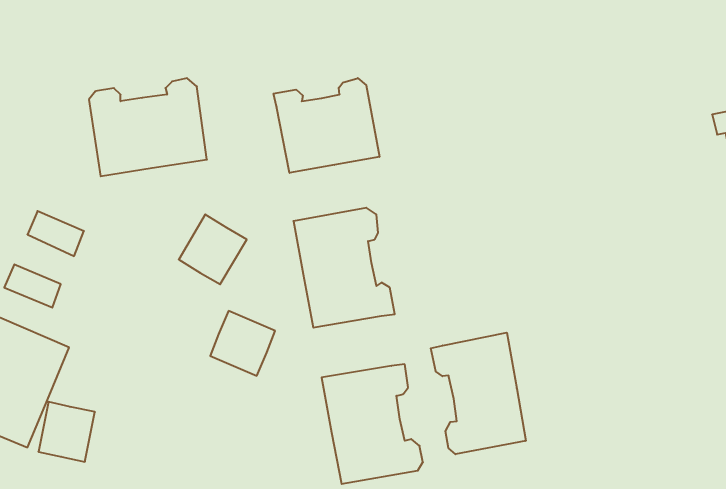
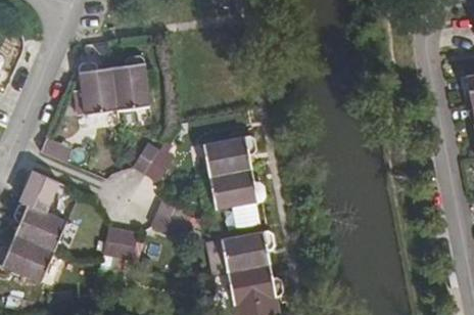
building: [274,78,379,173] -> none
building: [431,333,526,454] -> none
building: [38,402,95,462] -> [102,228,137,265]

